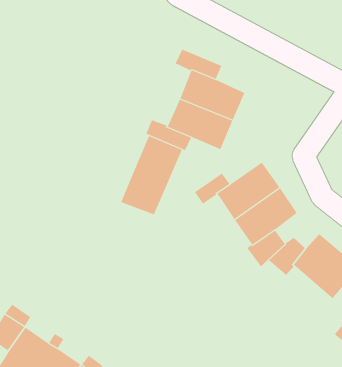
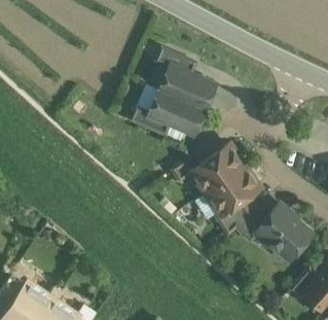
building: [120,135,182,215] -> none

